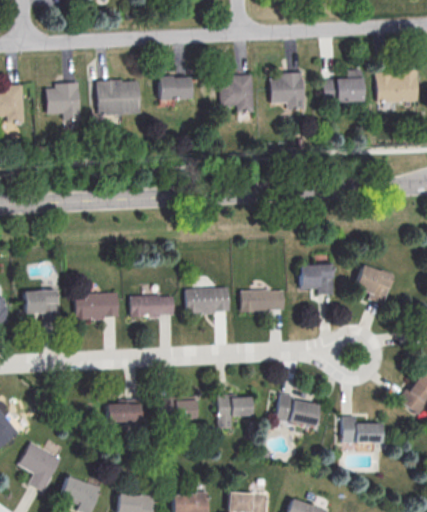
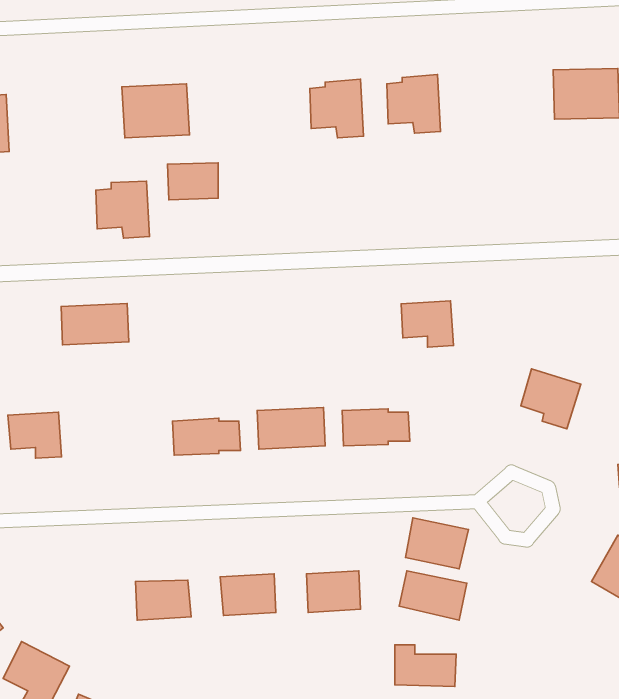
building: [158,74,191,98] -> [167,163,218,200]
building: [324,76,364,101] -> none
building: [44,83,79,120] -> [96,181,150,238]
building: [299,265,333,295] -> [401,301,454,347]
building: [73,292,117,319] -> [61,303,129,345]
building: none -> [405,518,468,569]
building: [343,415,383,442] -> [395,645,456,686]

